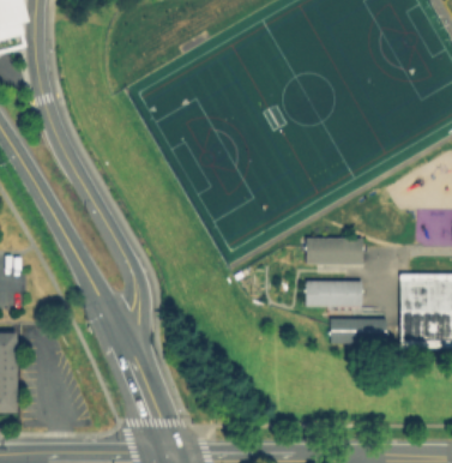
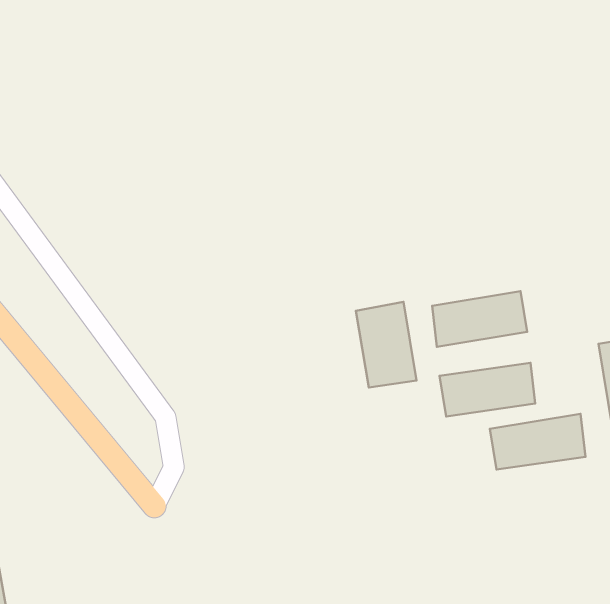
building: none -> [356,302,417,388]

